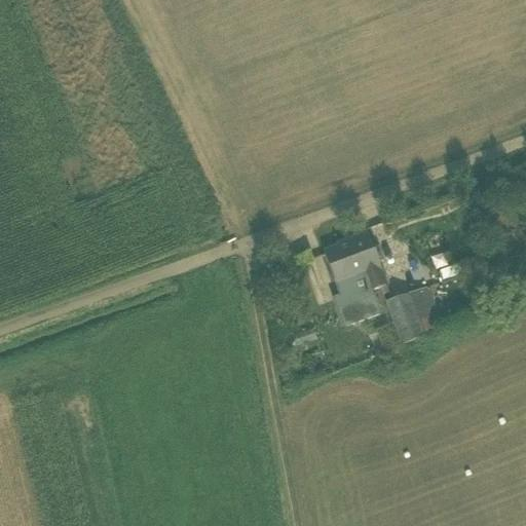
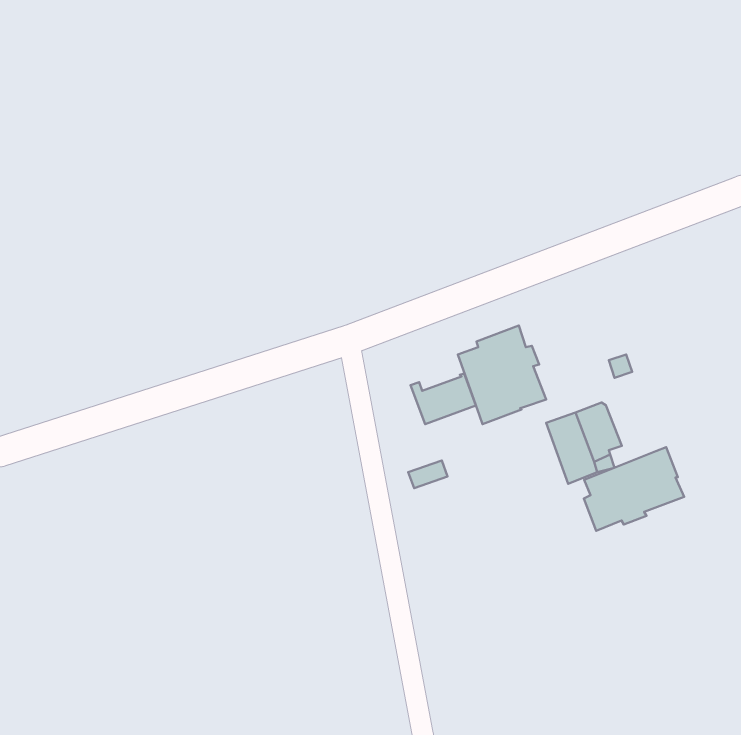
building: [334,288,380,324] -> [411,373,476,424]
building: none -> [584,447,684,531]

